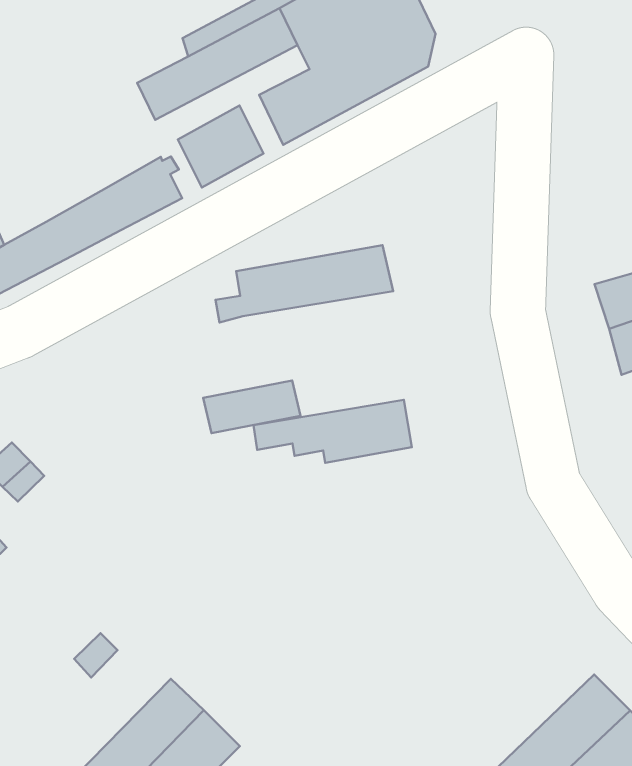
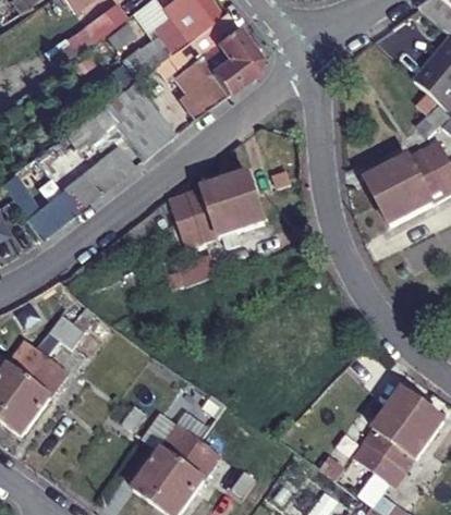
building: [253,400,412,463] -> [178,196,266,237]

